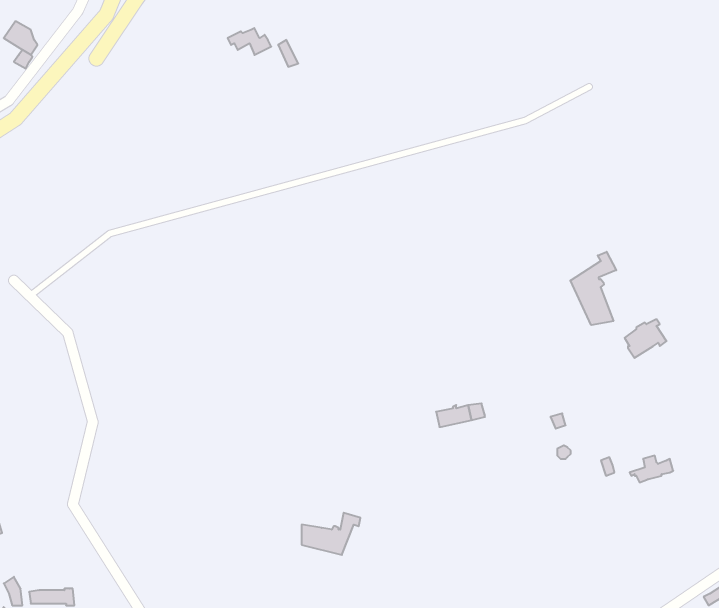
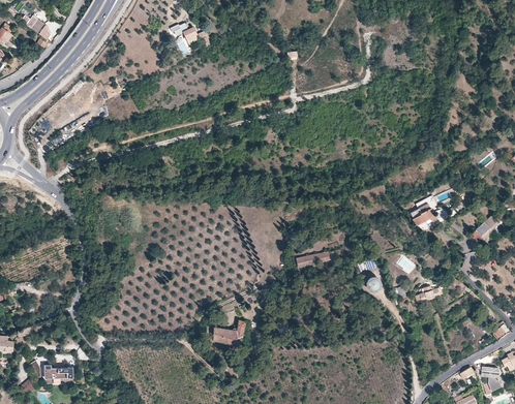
building: [570,252,616,325] -> none

